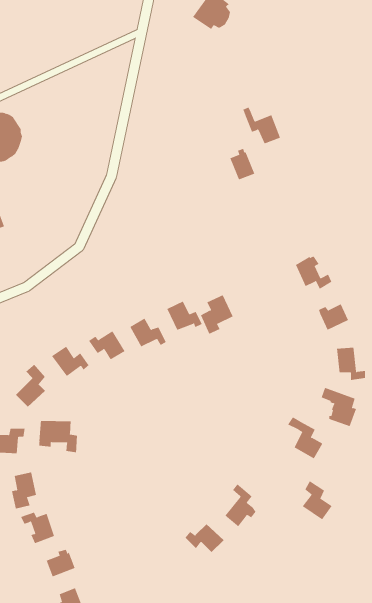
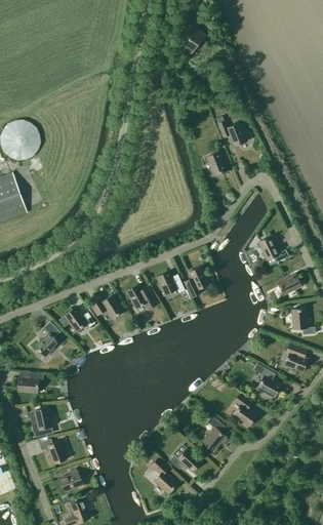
building: [39,420,78,453] -> none
building: [302,480,333,520] -> [233,394,257,426]
building: none -> [150,457,177,493]

